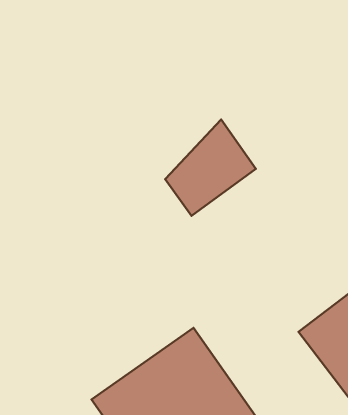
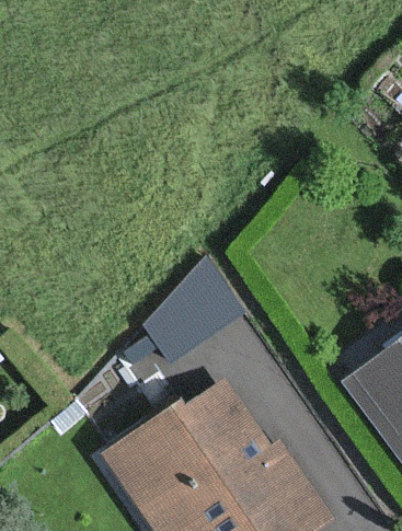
building: [165,120,256,216] -> [143,255,246,365]

